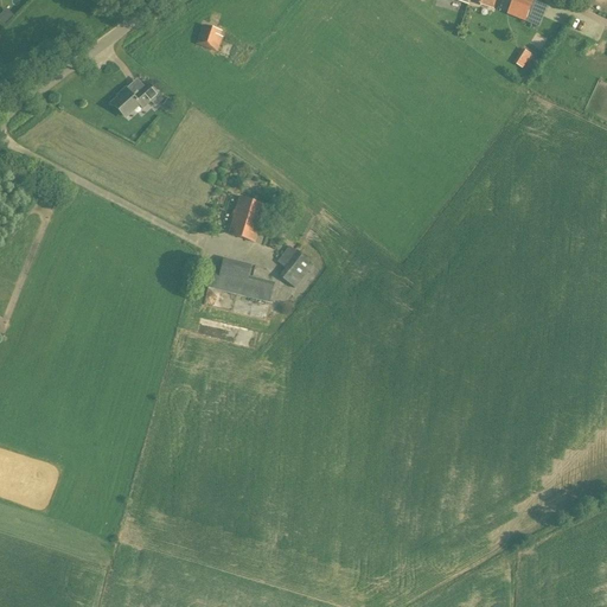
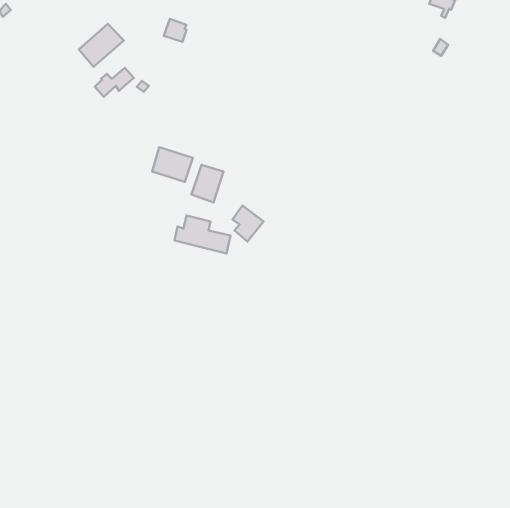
building: none -> [79,24,124,67]
building: none -> [152,147,193,182]

